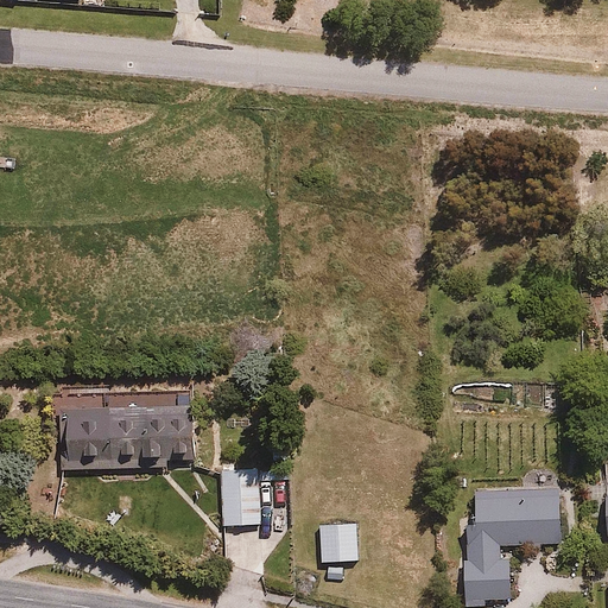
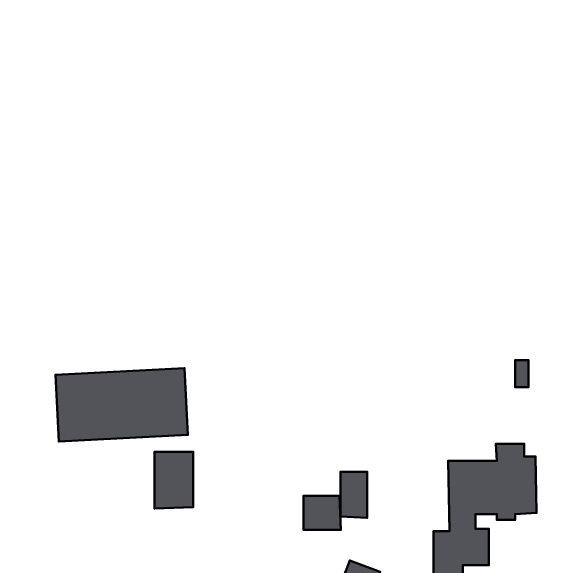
building: [216,467,256,526] -> [155,452,193,508]
building: none -> [341,472,367,518]

